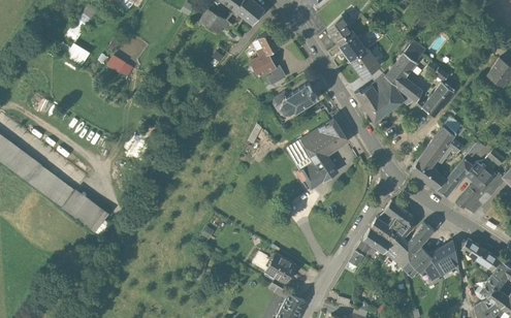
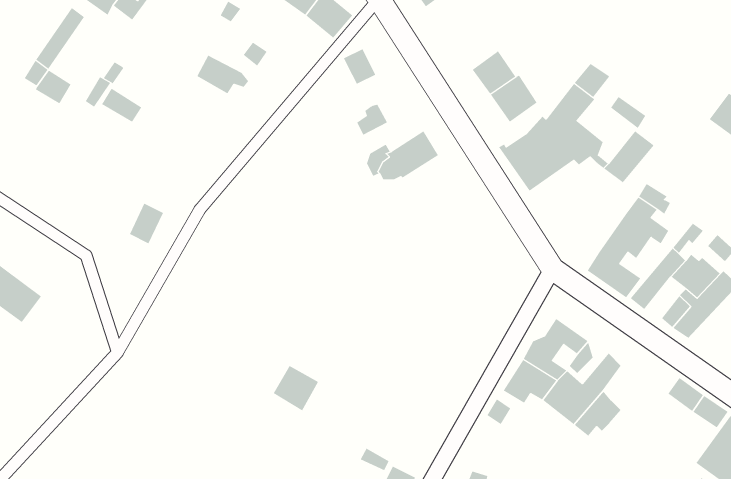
building: [198,9,231,34] -> [196,55,249,94]
building: [327,18,354,45] -> none
building: [251,49,276,77] -> none
building: [286,119,348,189] -> none
building: [62,191,106,231] -> none
building: [425,243,456,281] -> none
building: [265,254,294,283] -> [273,365,319,411]

